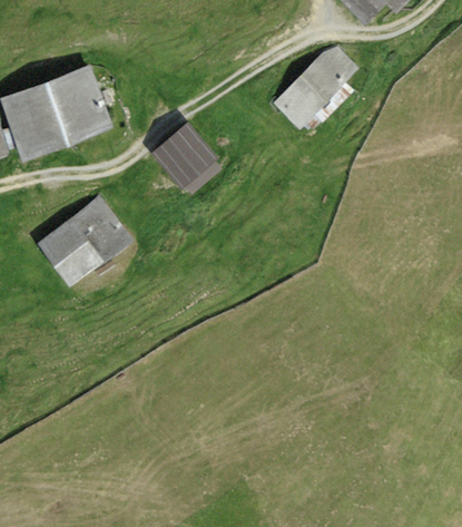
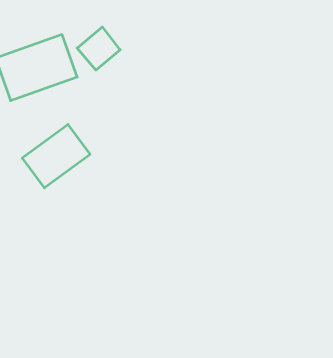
building: [277,52,360,128] -> none
building: [149,127,206,184] -> [77,27,120,70]

